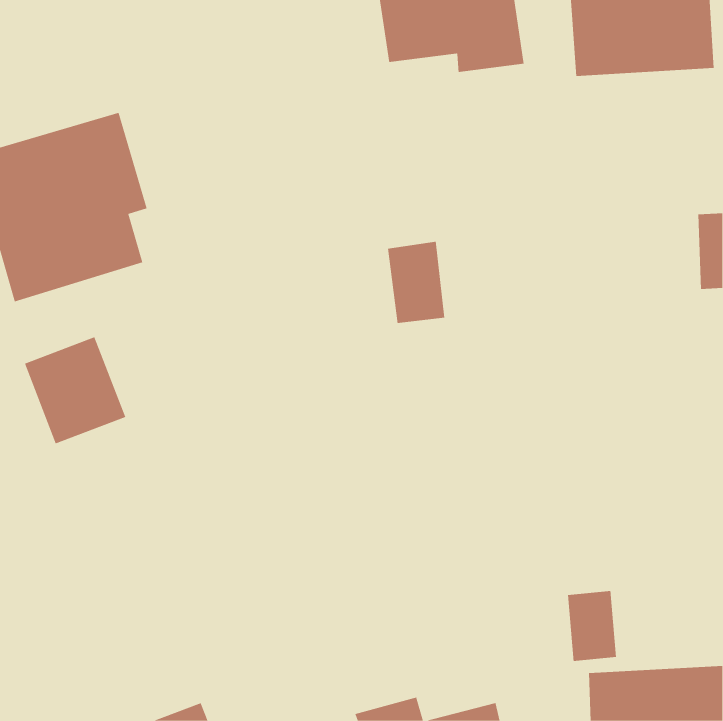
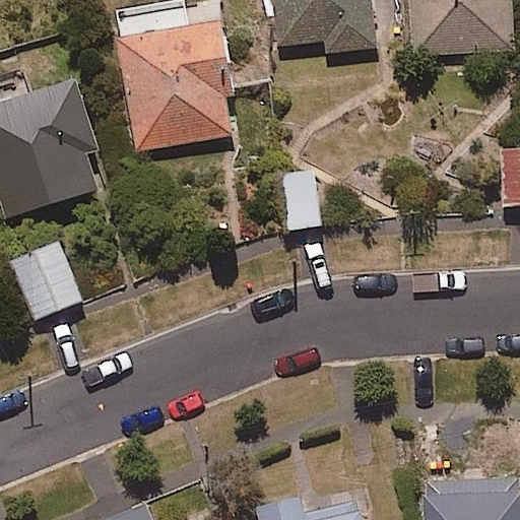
building: none -> [113,4,232,150]

